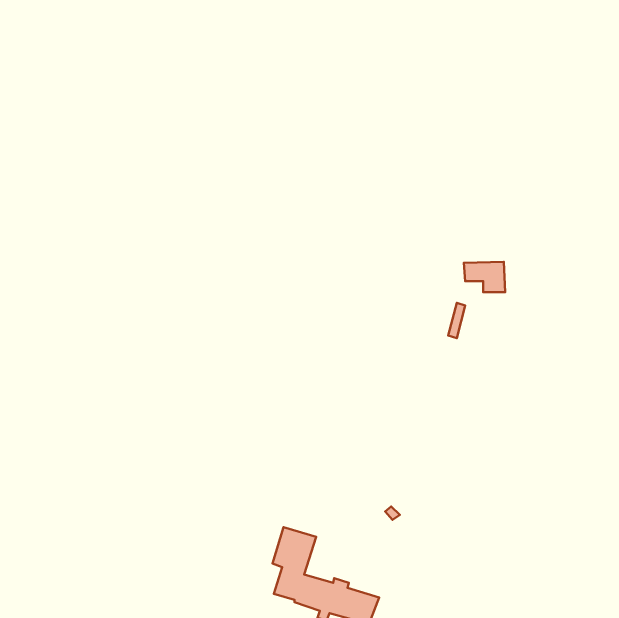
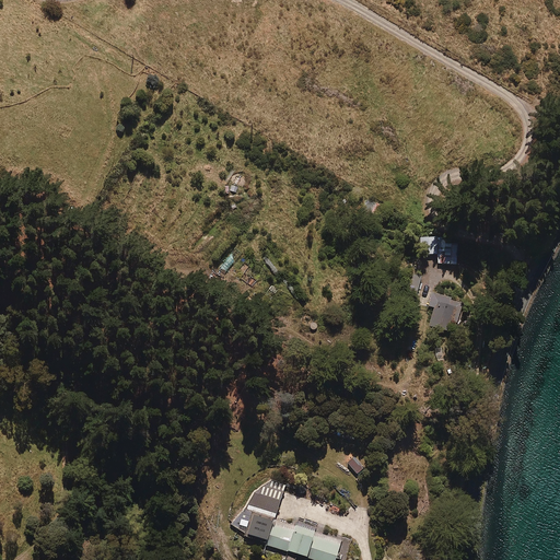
building: none -> [427,292,462,334]

